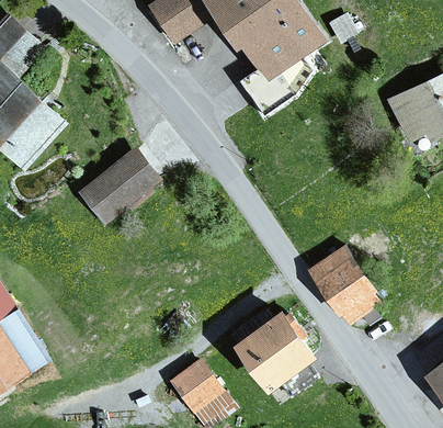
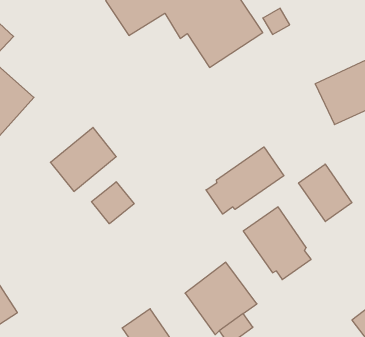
building: none -> [206,147,284,214]
building: none -> [299,164,352,222]
building: none -> [92,182,134,224]

